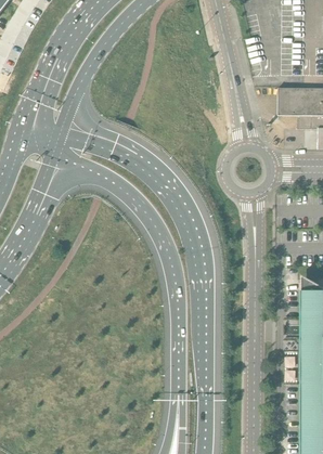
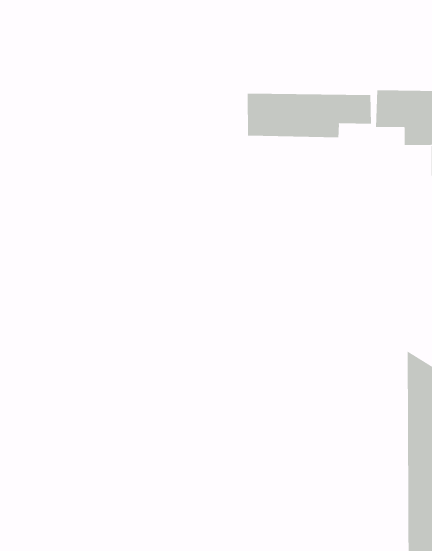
building: none -> [247,93,372,138]

